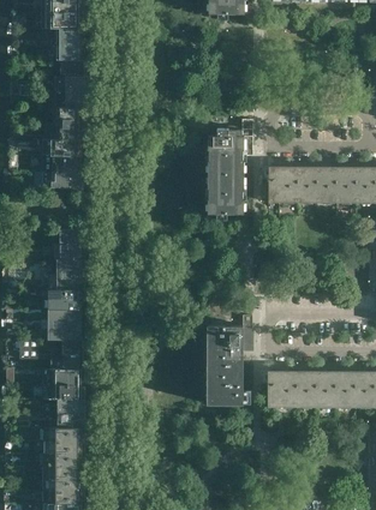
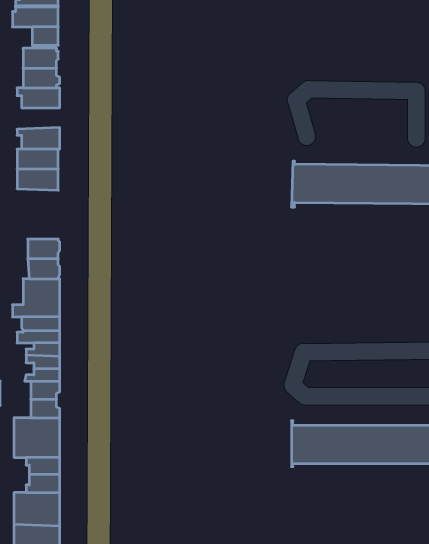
building: [207,119,252,214] -> none
building: [50,125,84,142] -> none
building: [205,316,251,404] -> none

